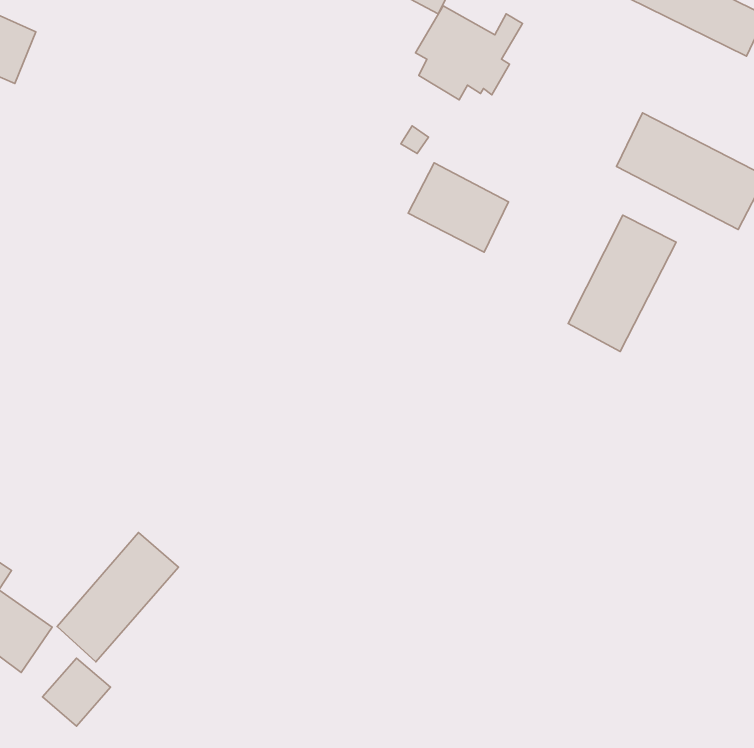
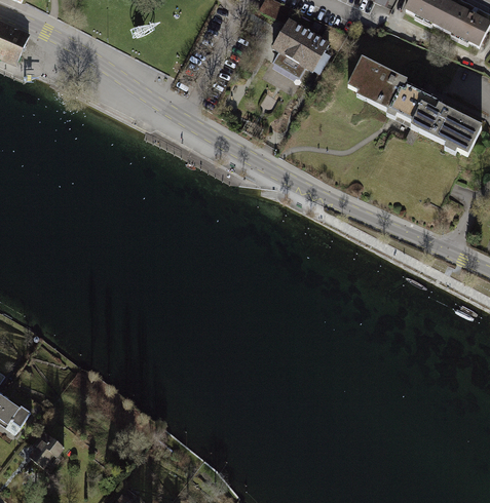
building: [408,163,509,252] -> [348,55,412,112]
building: [568,215,676,352] -> none
building: [57,532,179,662] -> none

